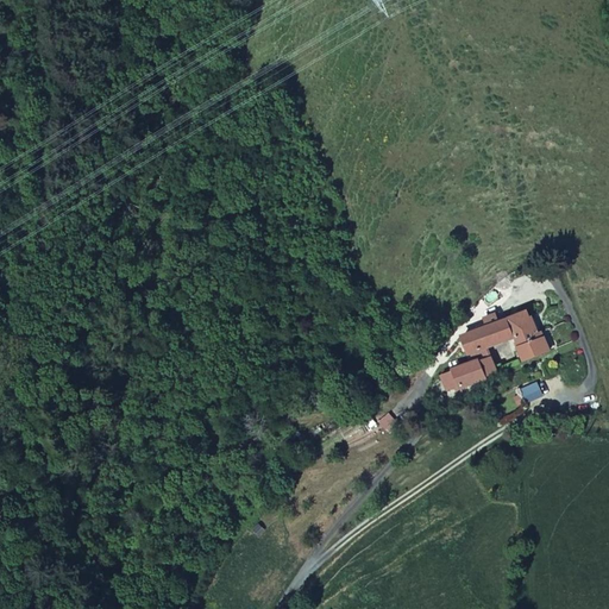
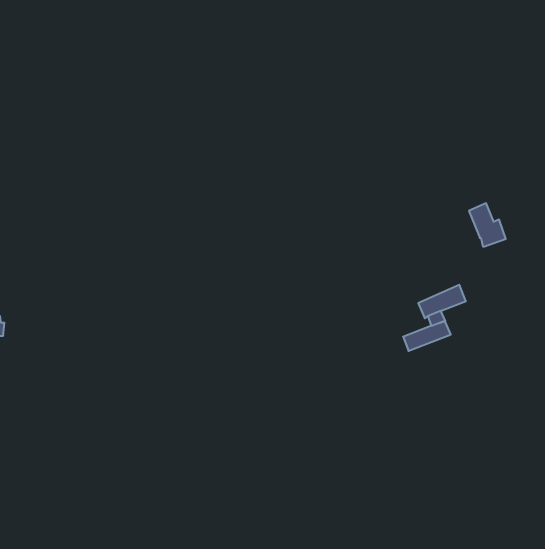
building: [504,309,545,357] -> [469,203,506,247]

